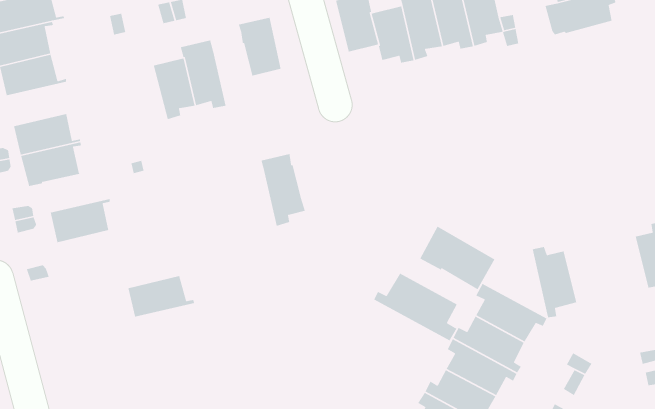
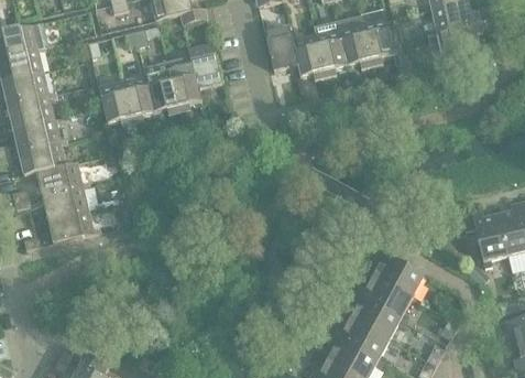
building: none -> [98,80,132,126]
building: none -> [7,94,55,128]
building: [261,153,306,227] -> [166,55,201,112]
building: none -> [35,162,88,195]
building: [419,226,496,291] -> none
building: [532,246,577,318] -> [471,210,506,267]
building: [373,272,458,341] -> none
building: [127,275,195,318] -> [46,209,99,242]

